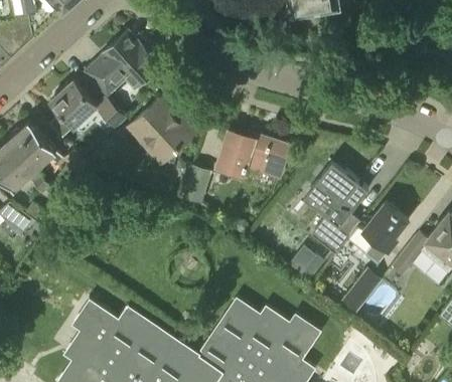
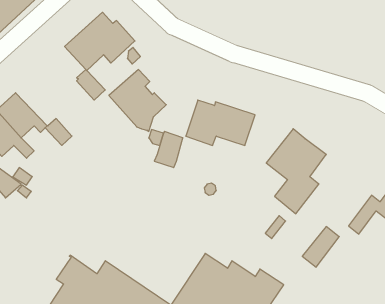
building: [50,81,98,129] -> none
building: [361,204,407,264] -> none

